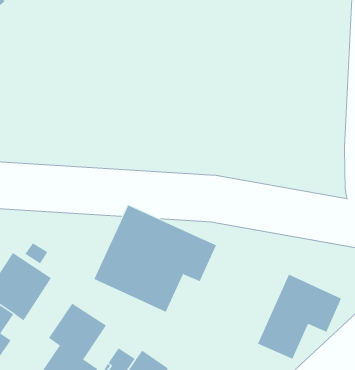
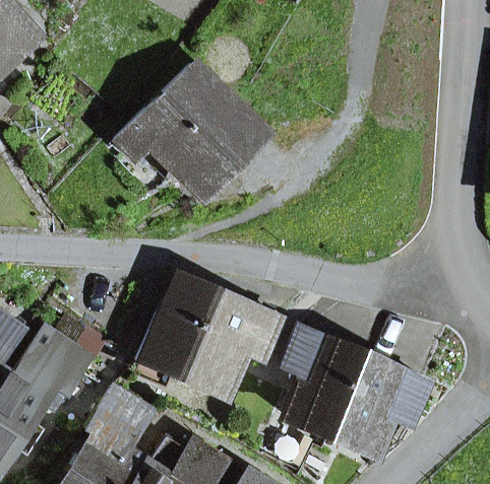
building: none -> [117,65,260,193]
building: none -> [282,326,365,434]

